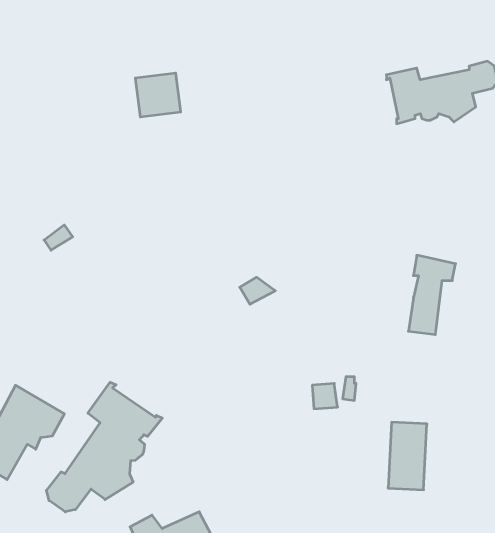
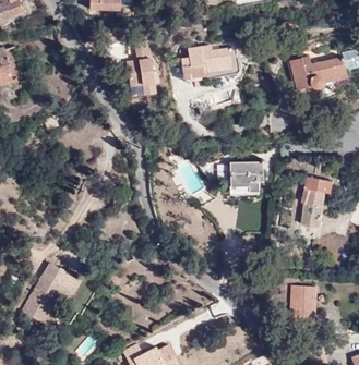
building: none -> [180,45,239,80]
building: none -> [228,161,260,191]
building: [46,382,162,512] -> none

